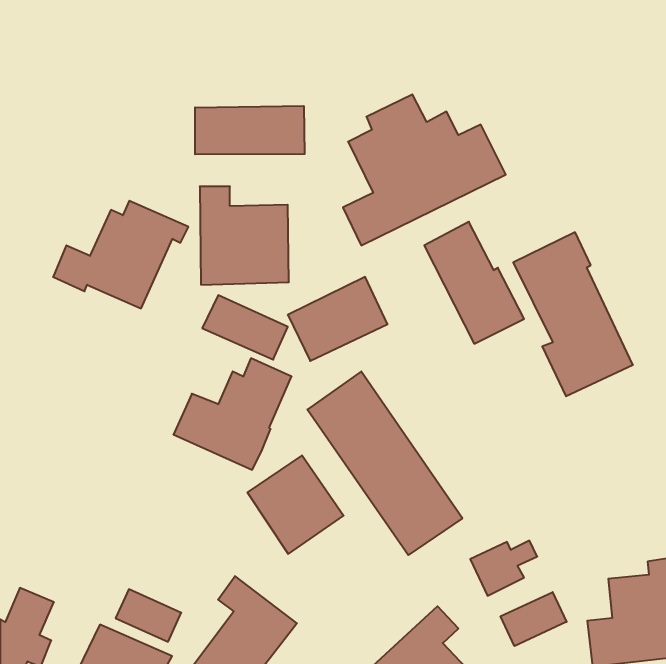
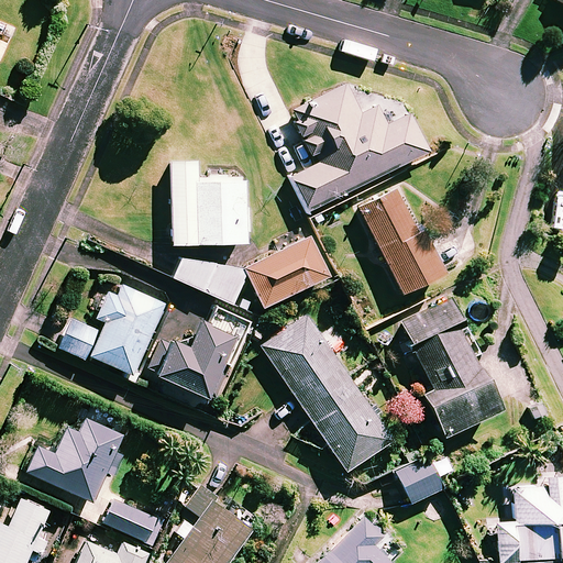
building: [195,106,305,154] -> none
building: [53,201,188,308] -> [59,285,173,375]
building: [513,232,633,396] -> [399,297,499,434]
building: [248,455,344,554] -> none
building: none -> [26,418,123,501]
building: [501,592,567,646] -> none

